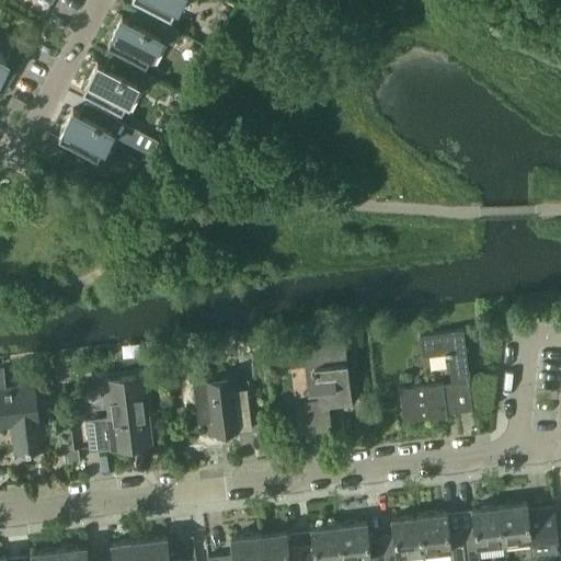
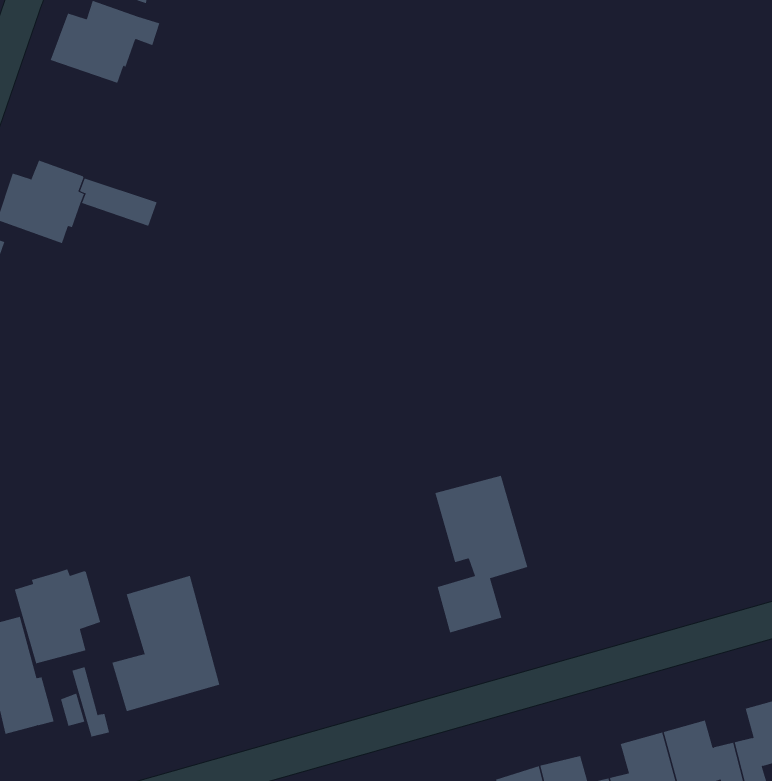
building: [82,61,152,115] -> none
building: [399,334,472,425] -> none
building: none -> [14,568,101,664]
building: [193,380,252,440] -> none

